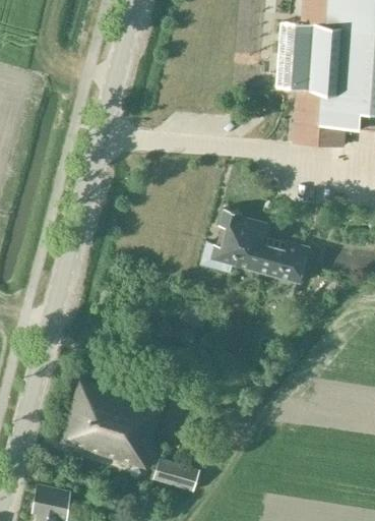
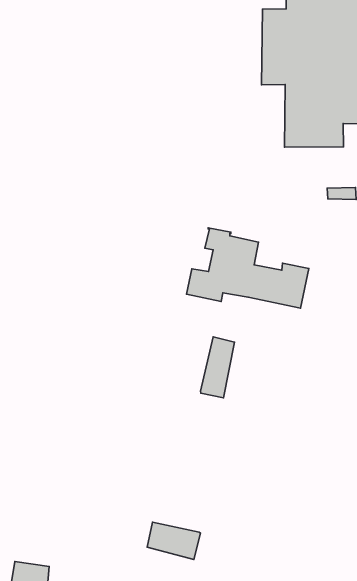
building: none -> [201,337,235,398]
building: [63,379,162,465] -> none

